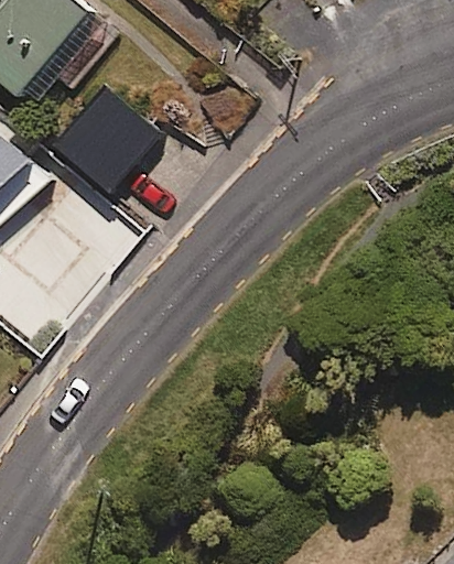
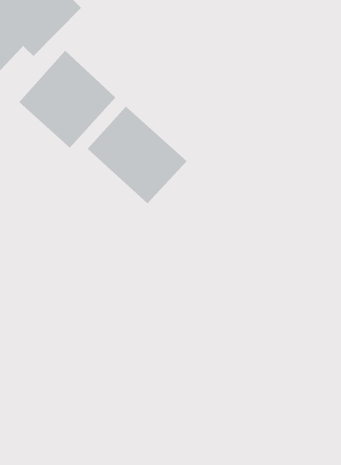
building: none -> [87,106,188,204]

